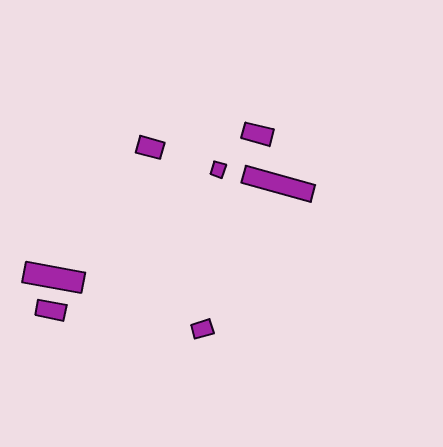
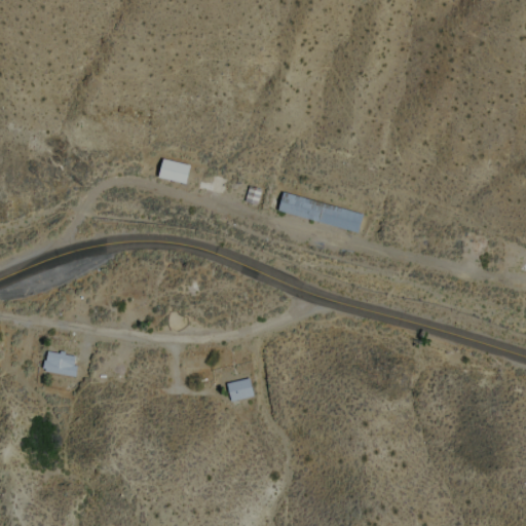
building: [241,122,274,146] -> none
building: [22,262,85,293] -> none

